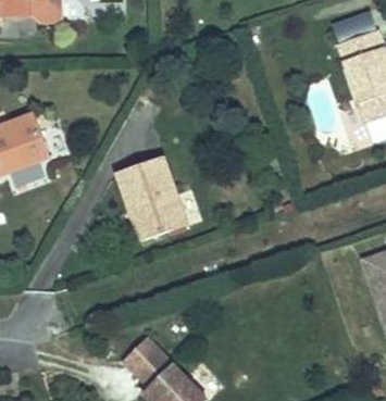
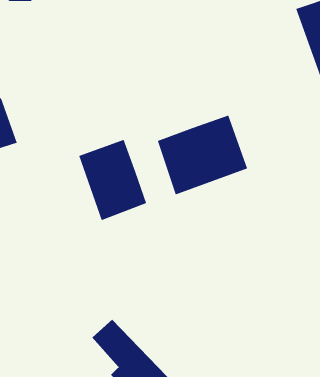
building: none -> [157,115,248,196]

